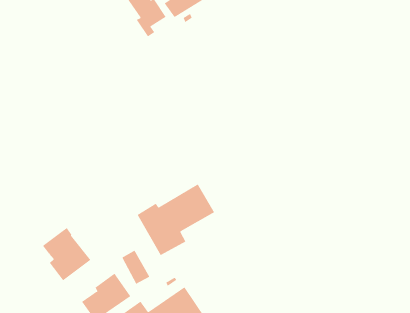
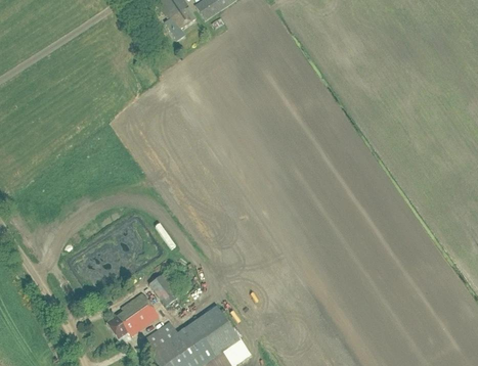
building: [137,183,215,256] -> none
building: [42,227,91,281] -> none

